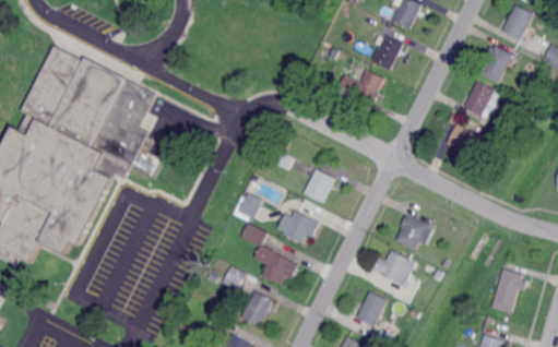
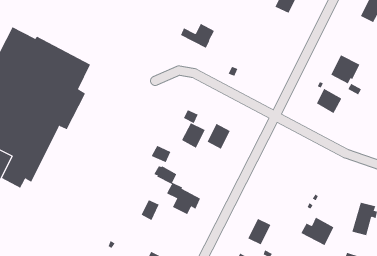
building: [370,35,402,70] -> none
building: [480,45,513,83] -> none
building: [339,70,383,103] -> [180,23,215,49]
building: [283,210,314,243] -> [181,122,206,149]
building: [396,214,434,249] -> none
building: [371,250,415,287] -> [300,217,334,246]
building: [242,290,273,325] -> none

